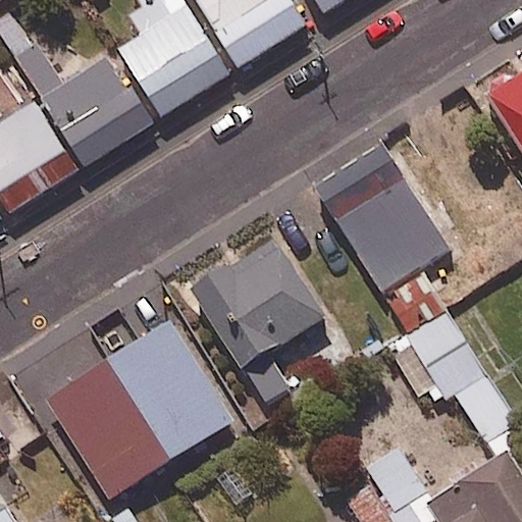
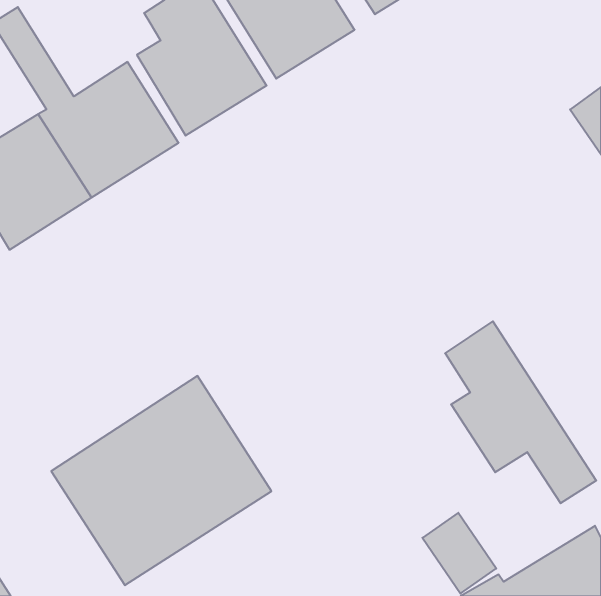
building: [317,145,448,288] -> none
building: [184,237,325,411] -> none

